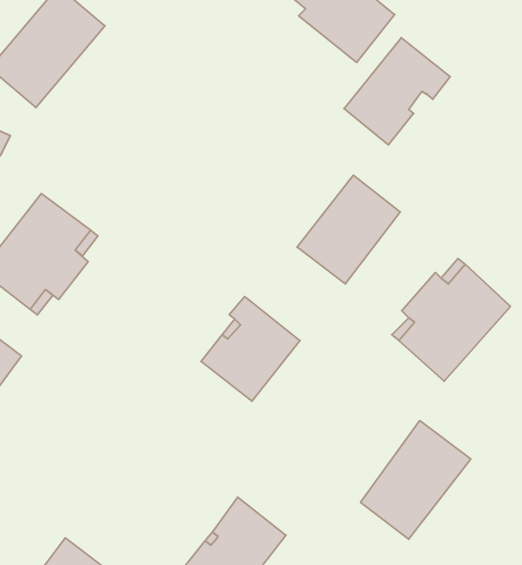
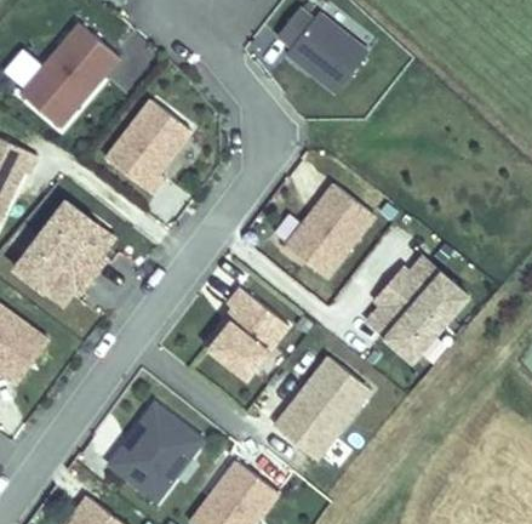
building: [344,38,450,145] -> none
building: none -> [107,95,191,189]
building: [361,421,471,539] -> [275,358,370,460]
building: none -> [107,404,201,502]

